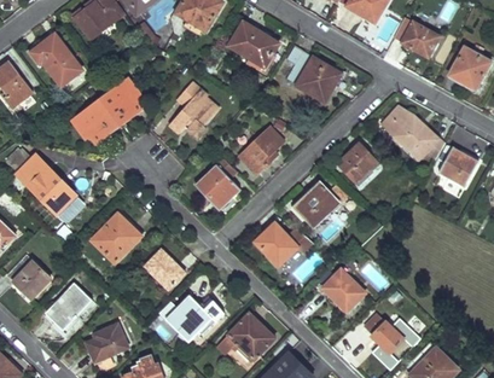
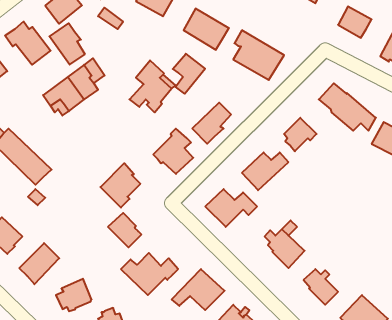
building: none -> [49,23,85,65]
building: none -> [173,54,205,94]
building: [92,214,136,263] -> [100,163,140,208]

